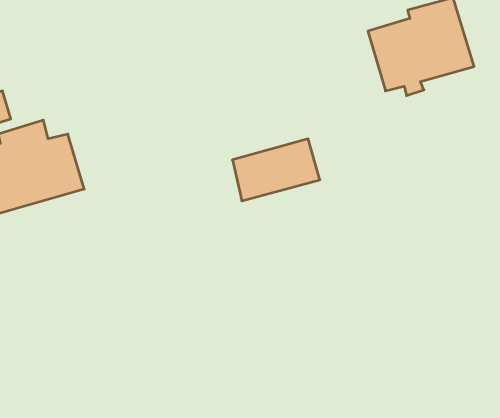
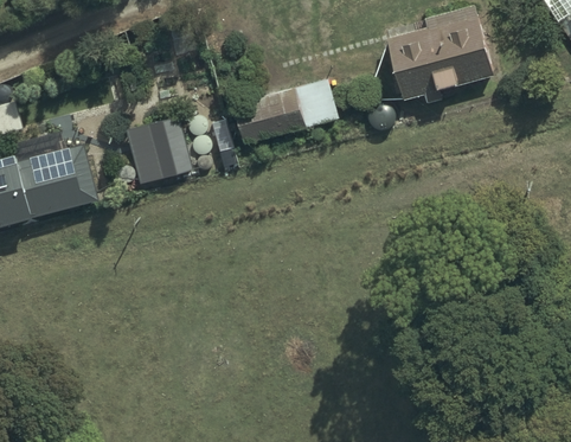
building: none -> [123,115,193,184]
building: [232,139,320,201] -> [249,78,338,141]

